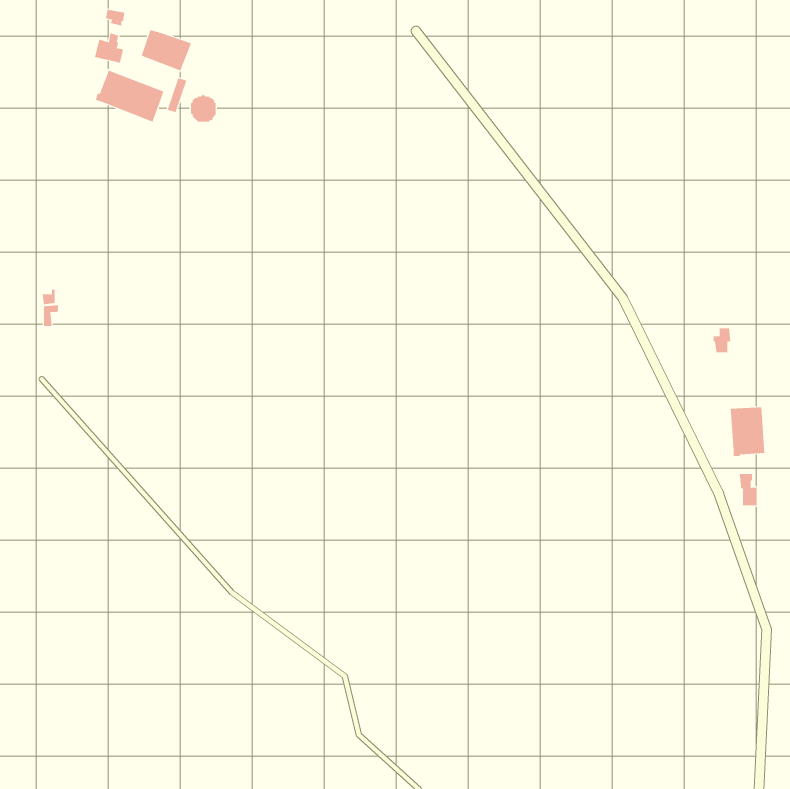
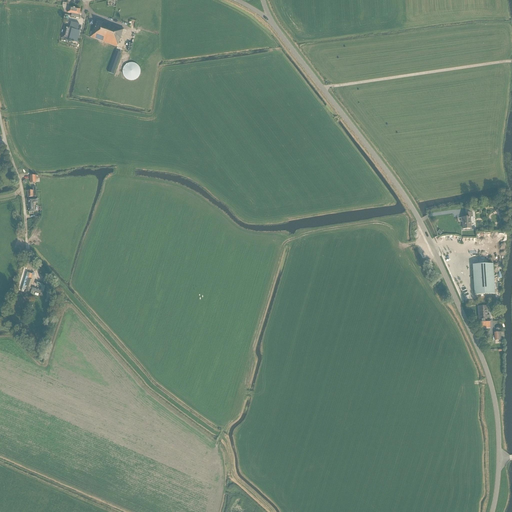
building: [95,70,164,122] -> none

